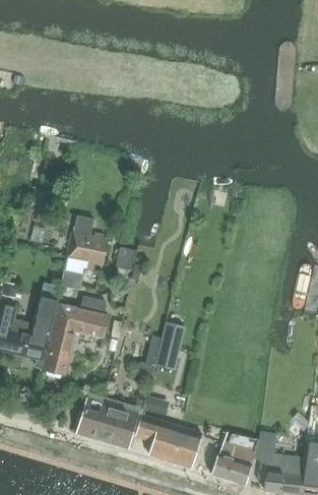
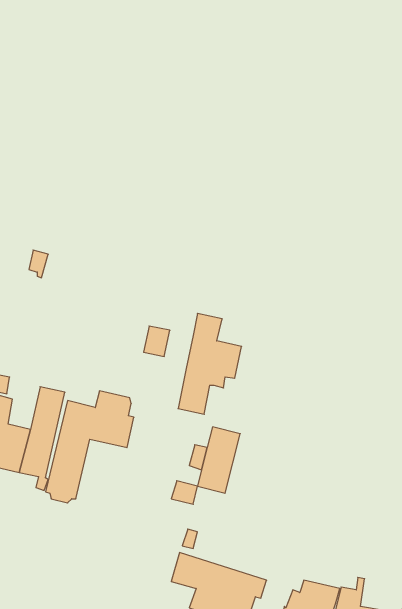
building: [60,216,107,291] -> [178,313,242,414]
building: [76,393,139,448] -> none

